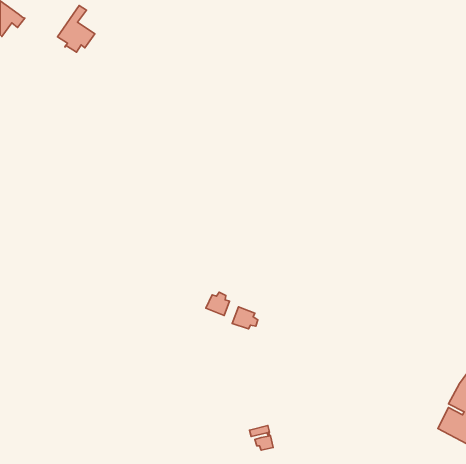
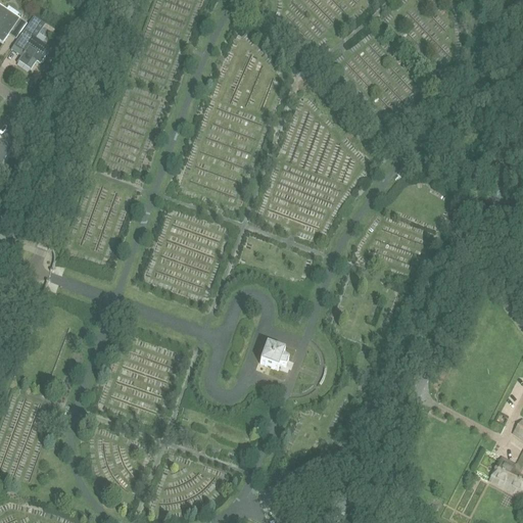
building: [57,6,95,52] -> [10,14,52,66]
building: [206,292,230,315] -> none

